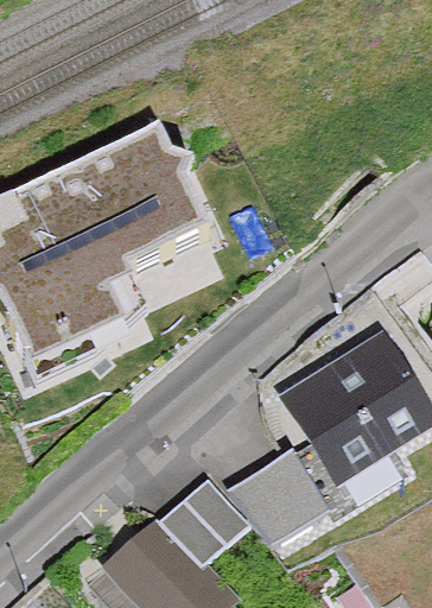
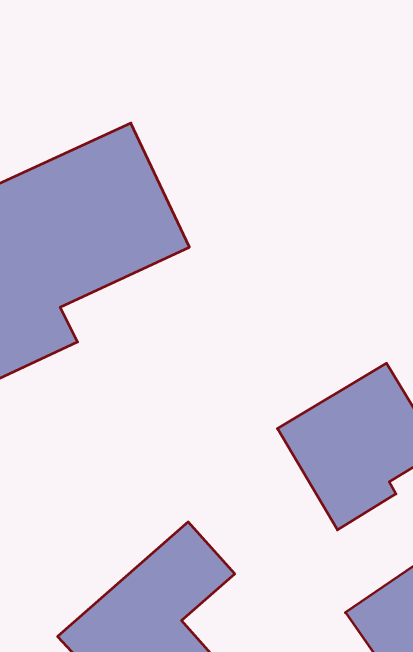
building: [228,450,329,545] -> none

